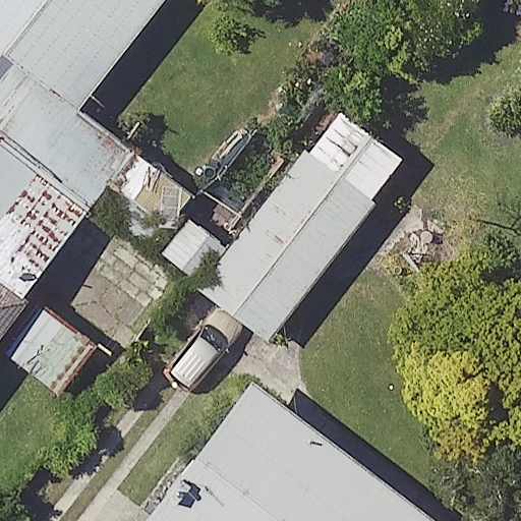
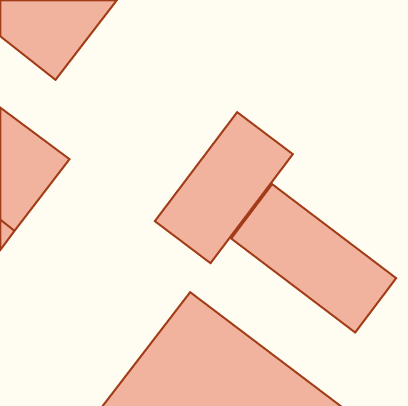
building: none -> [231,184,396,332]

